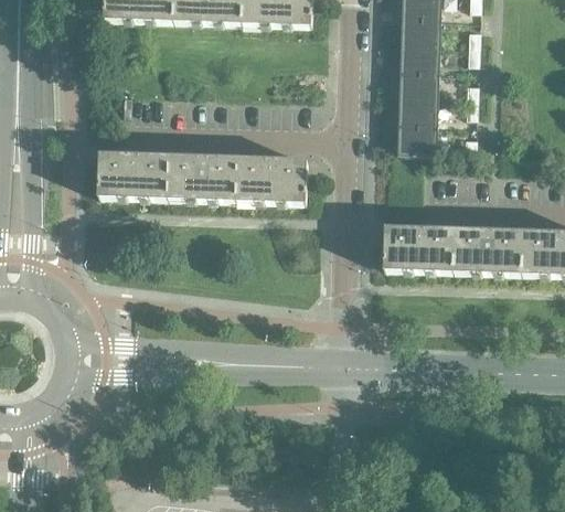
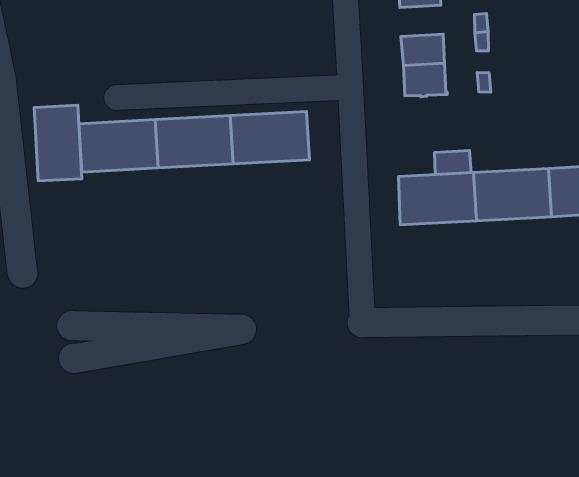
building: [398,71,437,98] -> none
building: none -> [34,105,82,181]
building: none -> [435,150,471,174]

